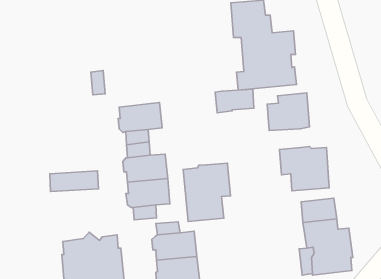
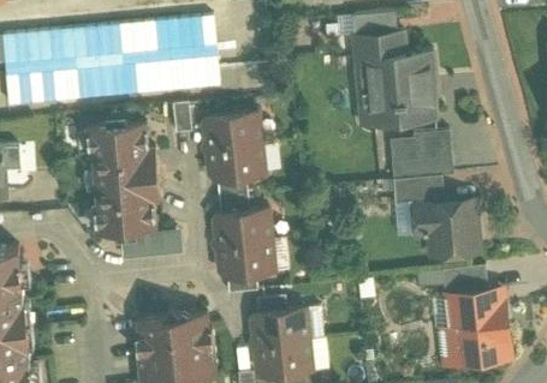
building: none -> [202,113,260,150]
building: none -> [84,122,159,235]
building: [215,89,254,113] -> [392,178,441,208]
building: [183,163,230,222] -> none

